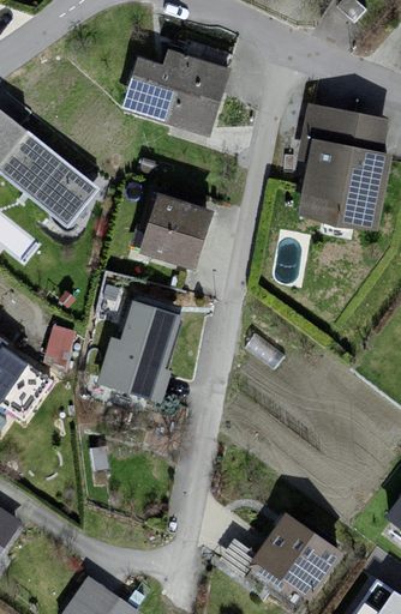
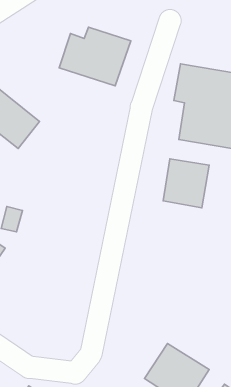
building: [144,197,213,266] -> none
building: none -> [163,159,209,208]
building: [97,303,179,396] -> none

